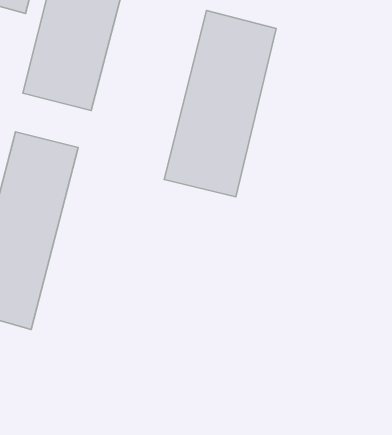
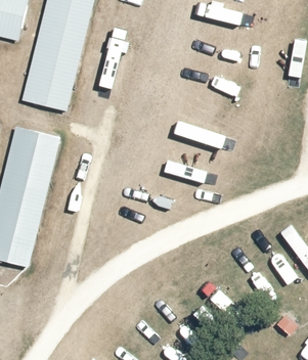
building: [164,11,276,197] -> none

